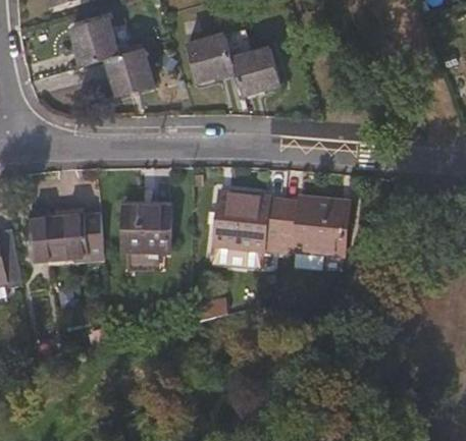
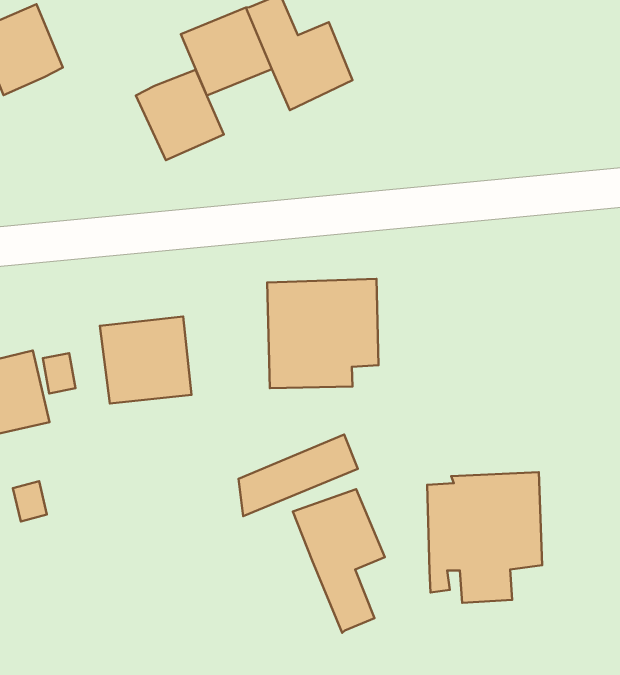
building: [107,50,154,99] -> [136,70,224,160]
building: [274,196,345,270] -> [427,472,542,603]
building: none -> [293,489,385,633]

